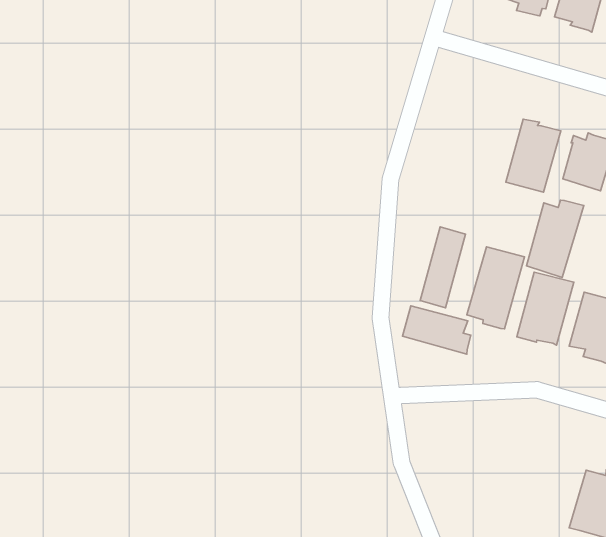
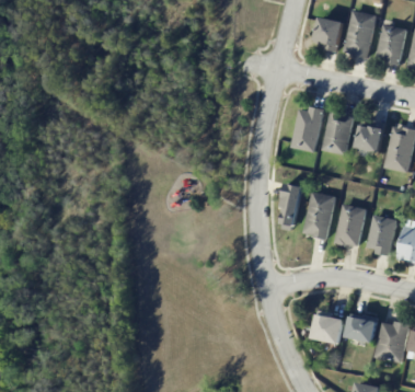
building: [526,200,584,277] -> [291,111,323,157]
building: [403,306,471,354] -> none
building: none -> [313,313,345,344]
building: none -> [346,315,378,342]

